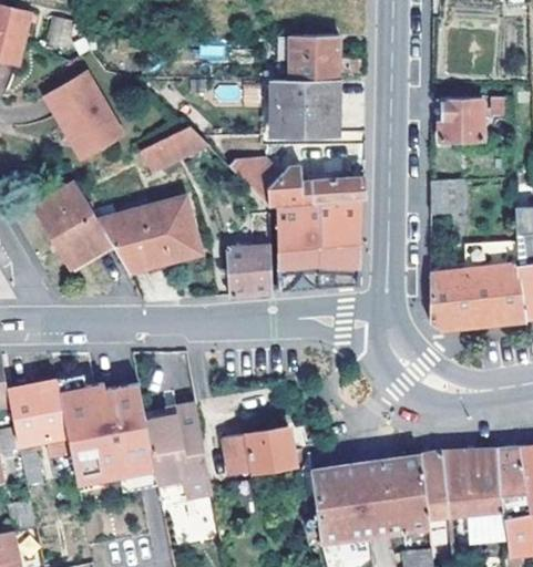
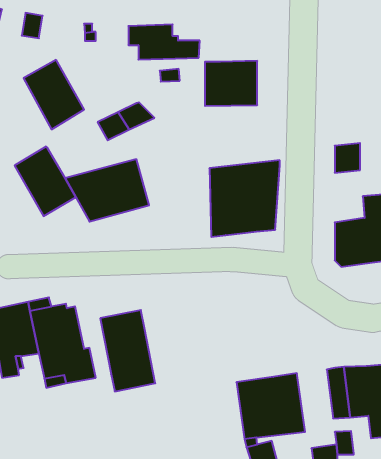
building: [278,35,366,79] -> [128,24,200,60]
building: [441,96,483,141] -> none
building: [230,159,363,210] -> none
building: [227,215,271,297] -> none
building: [112,374,156,466] -> none
building: [224,426,296,475] -> none
building: [385,456,430,533] -> none

